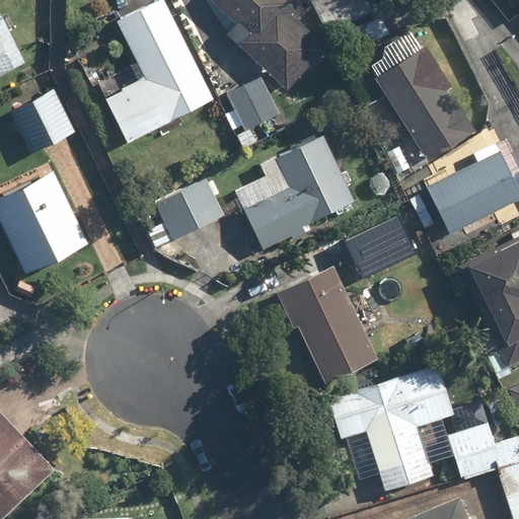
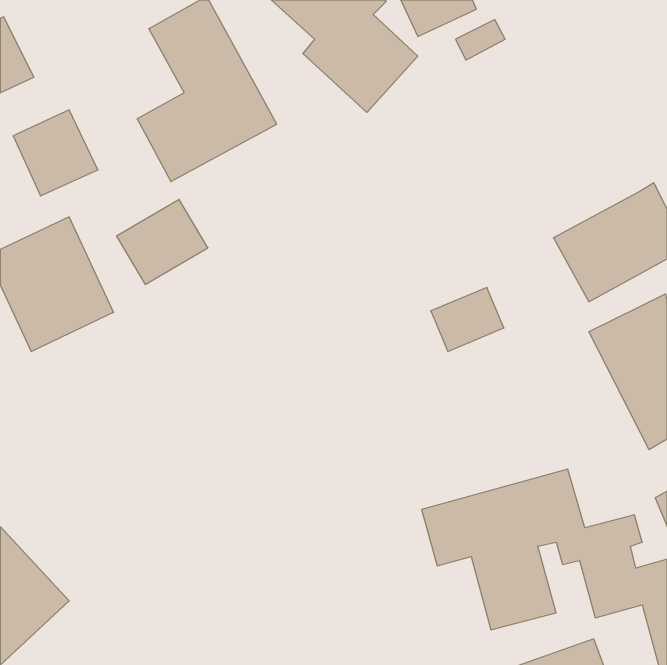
building: [361,32,480,168] -> none
building: [225,75,281,131] -> none
building: [239,134,356,252] -> none
building: [154,177,225,243] -> [117,199,208,284]
building: [277,264,380,388] -> none

